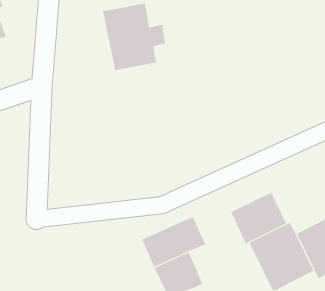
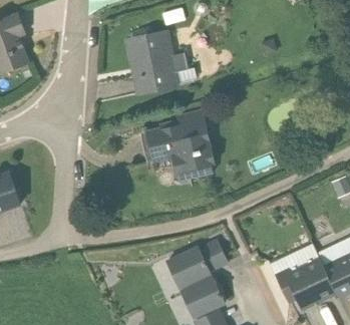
building: none -> [143,110,216,184]
building: [230,192,287,244] -> none

